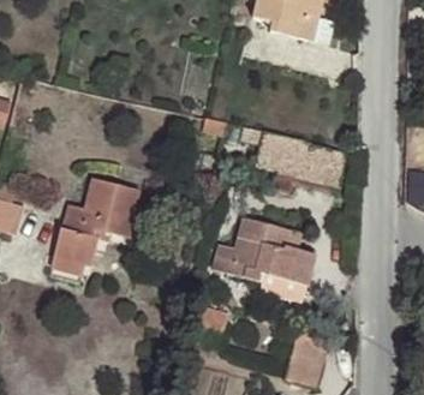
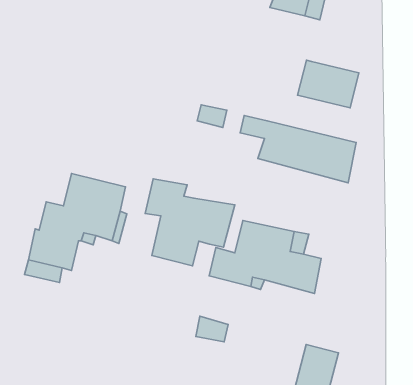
building: none -> [298,60,359,108]
building: none -> [145,179,235,266]

